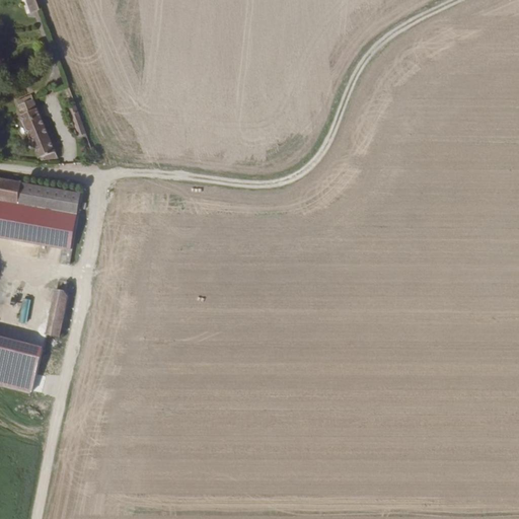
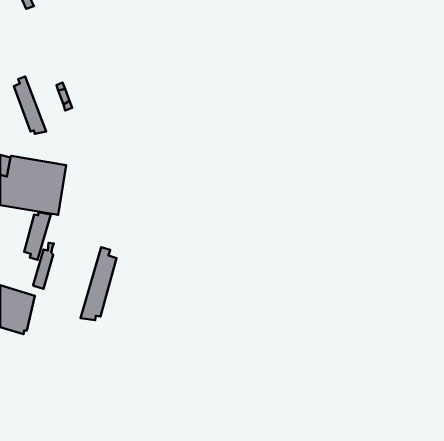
building: none -> [24,212,51,260]
building: none -> [81,247,117,320]

